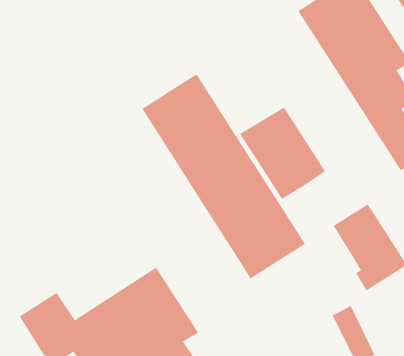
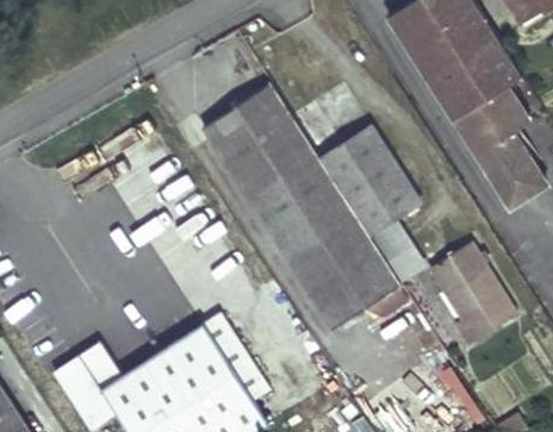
building: none -> [368,220,427,284]

